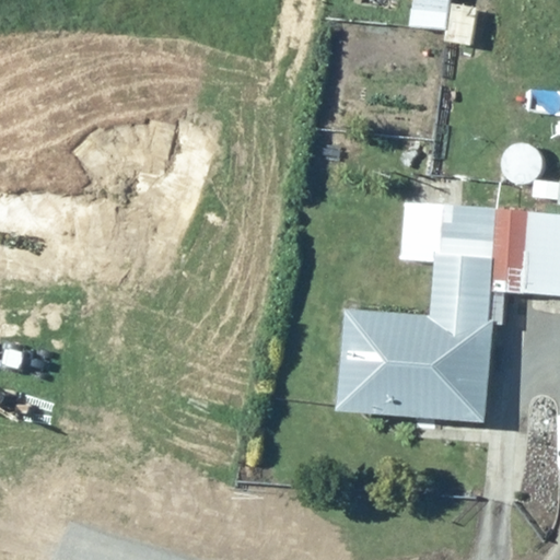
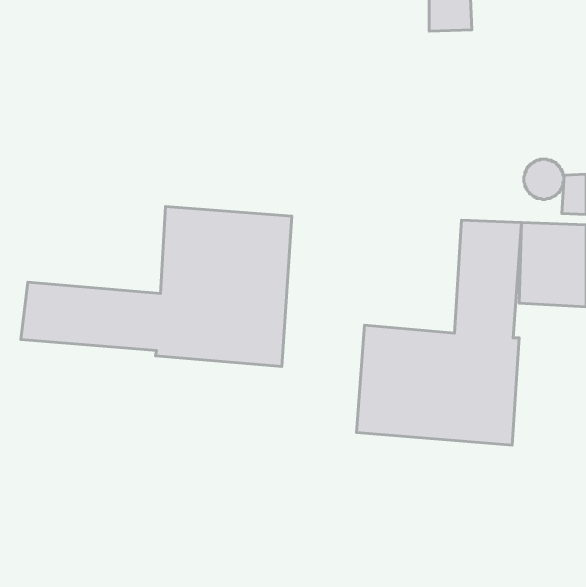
building: none -> [21,207,292,366]

